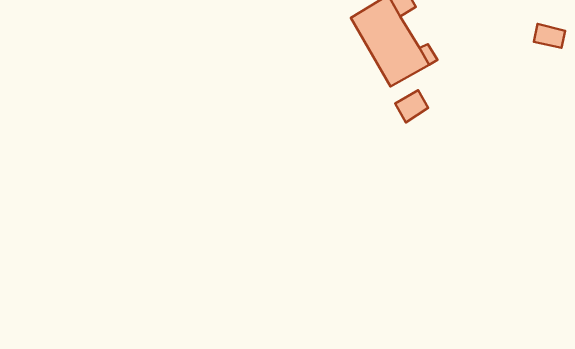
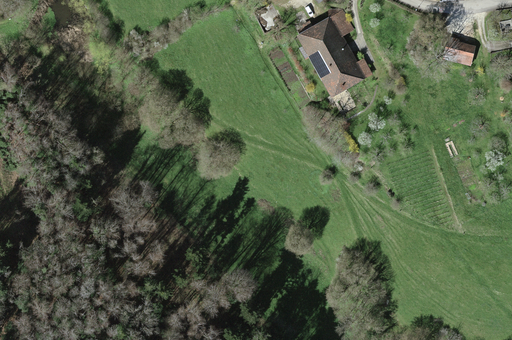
building: [395,90,428,123] -> none

